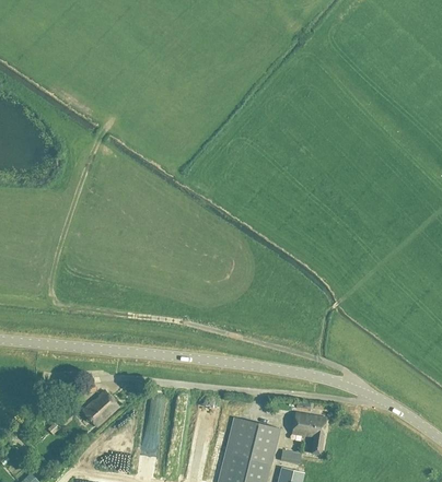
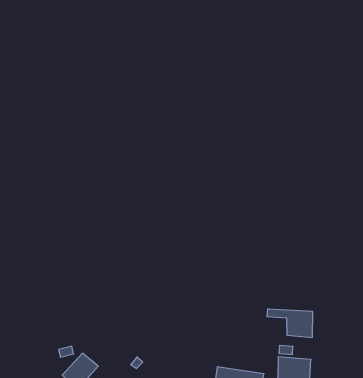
building: none -> [267,309,313,338]

